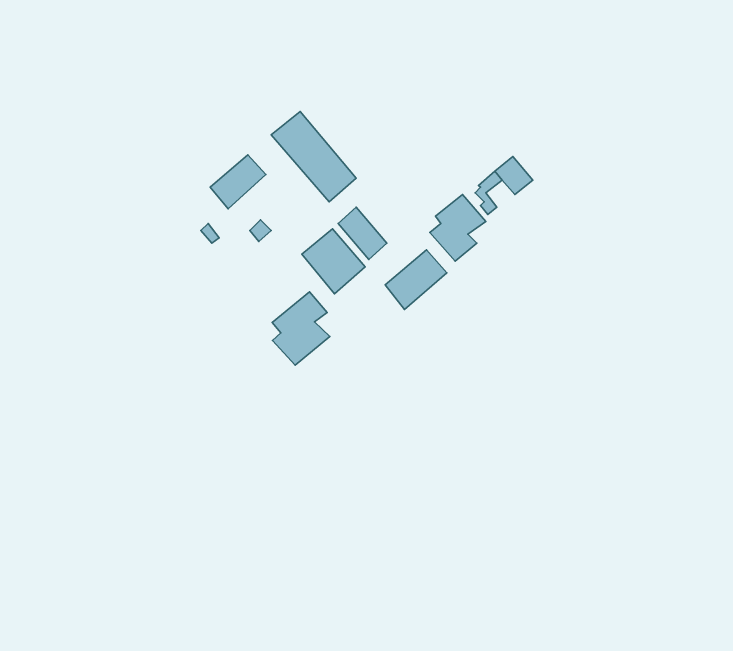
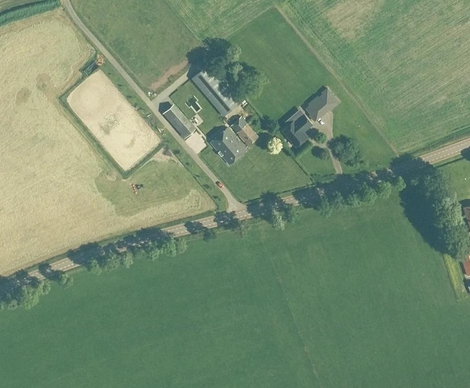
building: [385,250,447,310] -> none
building: [272,292,330,365] -> none

